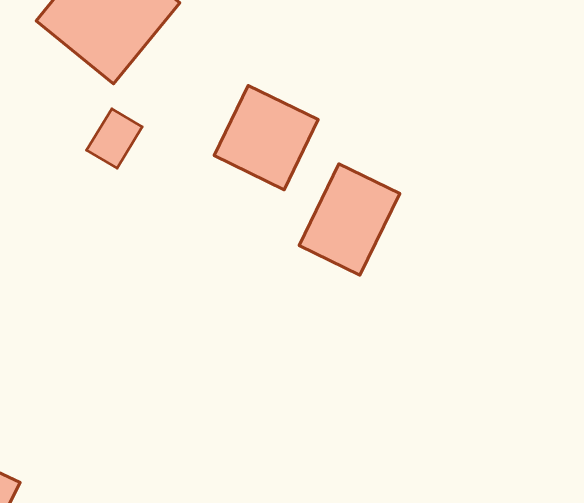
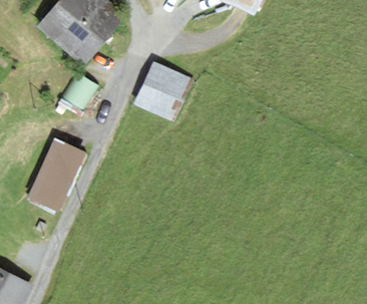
building: [299,164,400,275] -> none
building: none -> [30,143,77,205]

